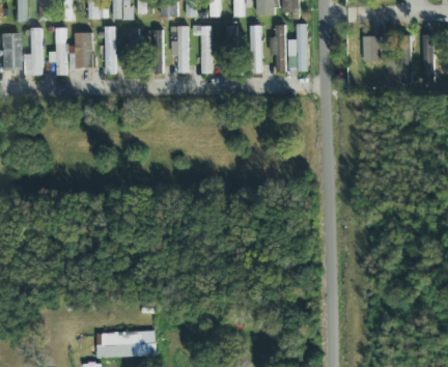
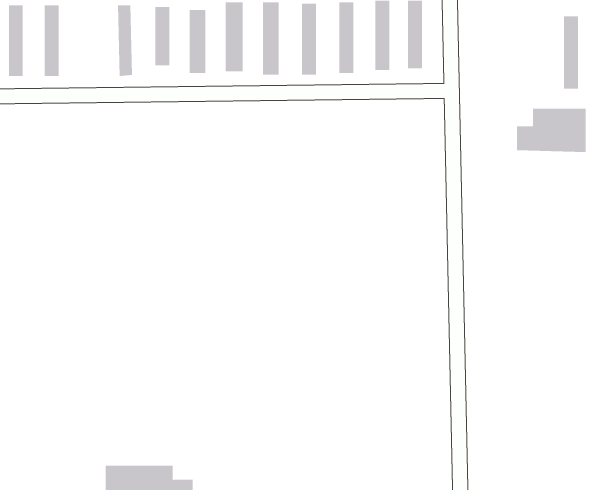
building: [69,32,93,67] -> none
building: [363,36,382,61] -> none
building: none -> [517,108,586,153]

